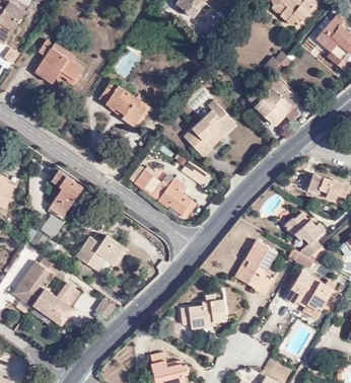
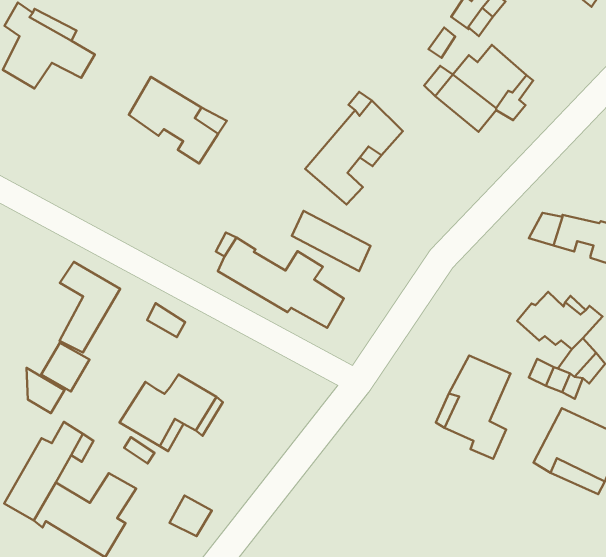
building: [181,292,227,327] -> none

